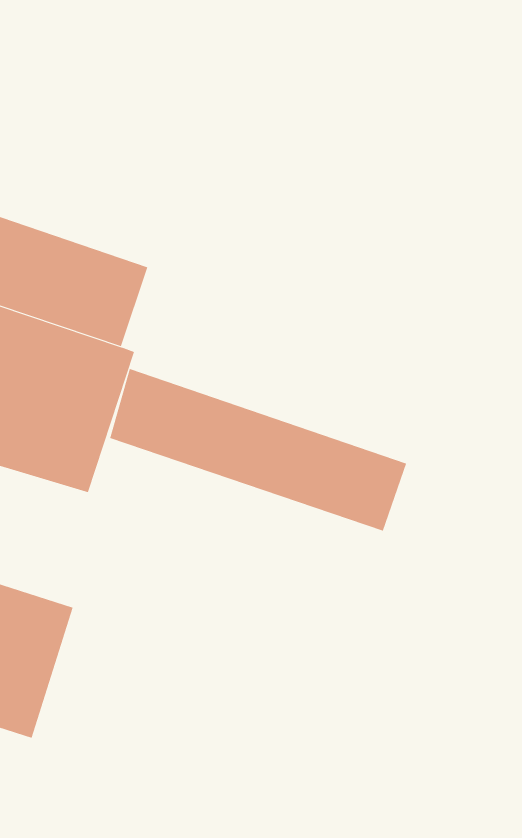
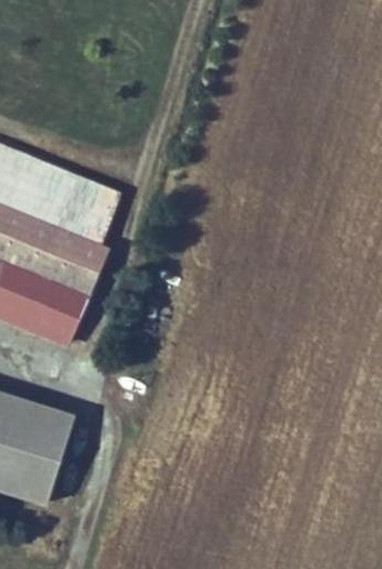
building: [109,368,407,531] -> none

